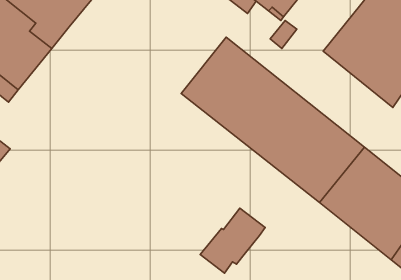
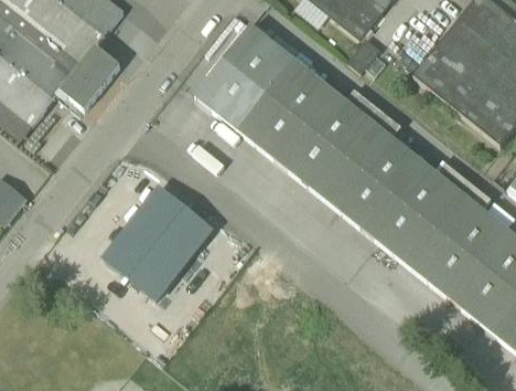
building: none -> [195,24,292,128]
building: none -> [60,44,120,108]
building: none -> [104,187,211,298]
building: [200,208,265,273] -> none

